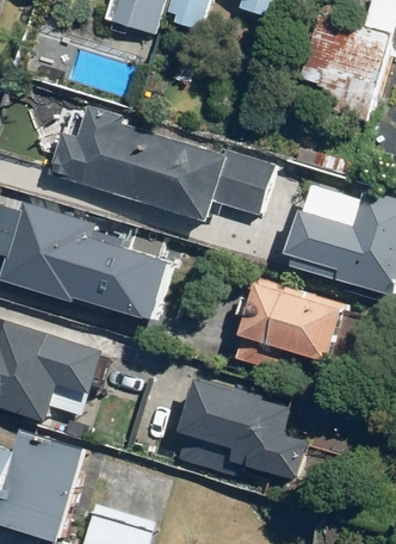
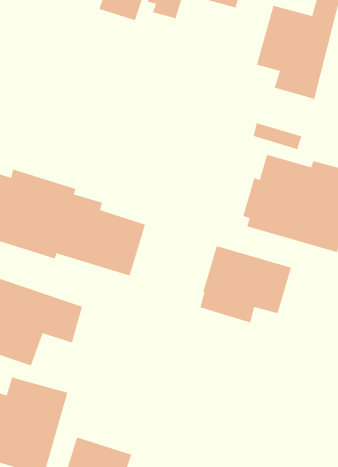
building: [49,106,274,224] -> none
building: [175,373,305,482] -> none

